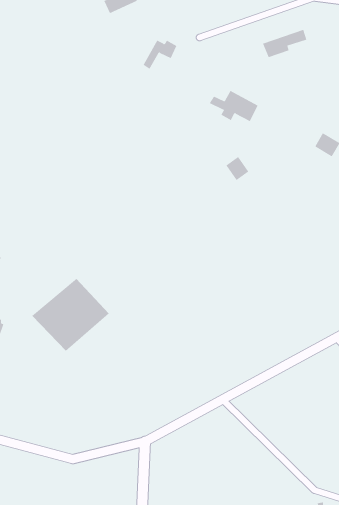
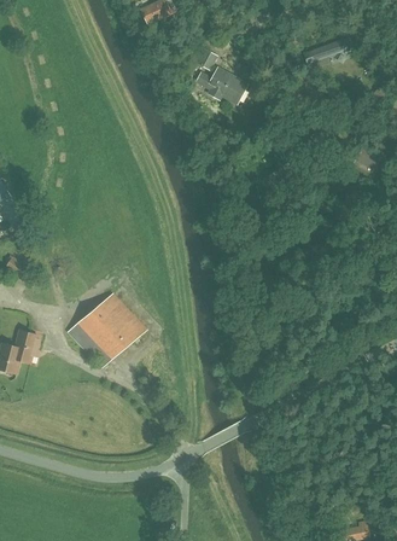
building: [209,90,259,122] -> [195,68,246,100]

